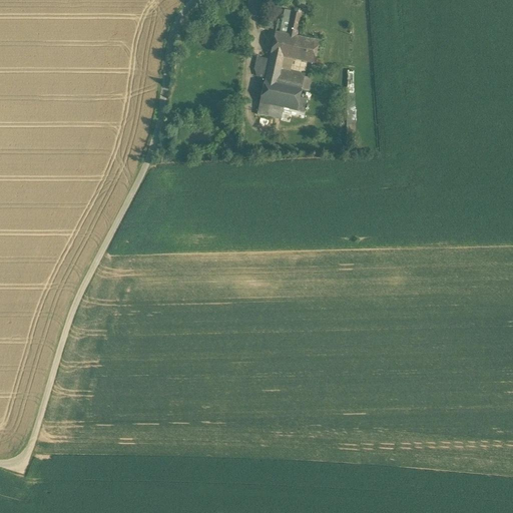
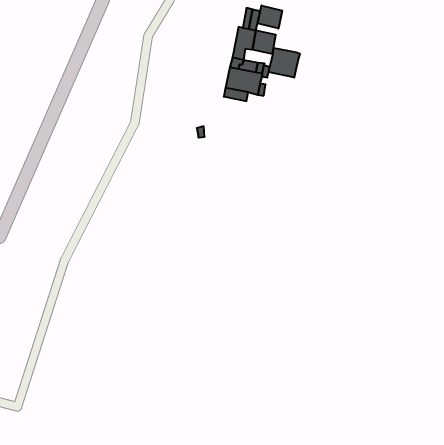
building: none -> [258,5,282,29]
building: none -> [269,48,300,78]

